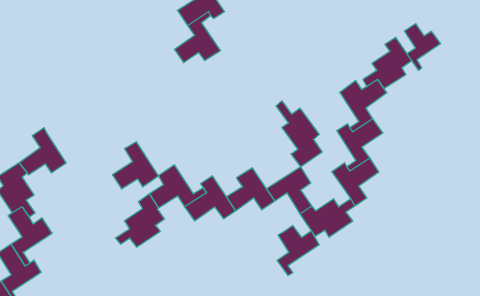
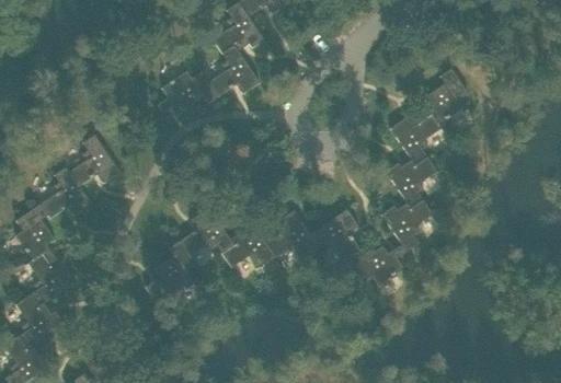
building: [404,24,440,70] -> none
building: none -> [157,70,219,112]
building: [276,101,322,167] -> none
building: [112,142,158,189] -> [69,135,119,186]
building: [277,226,319,276] -> none

